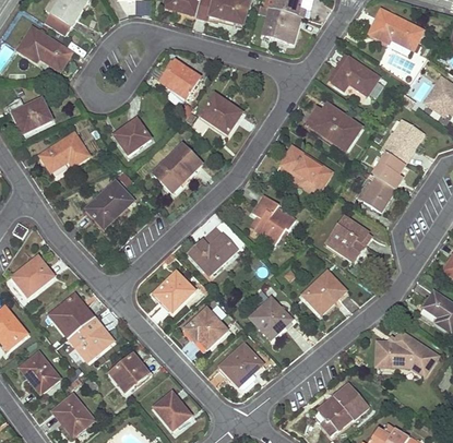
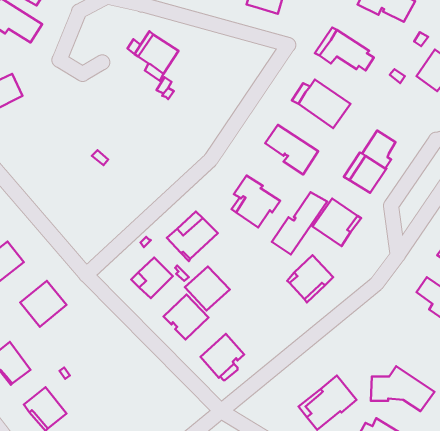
building: [200,94,241,133] -> none
building: [112,118,151,155] -> none
building: [381,118,424,163] -> none
building: [40,132,90,170] -> none
building: [153,144,199,190] -> none
building: [86,180,133,229] -> none
building: none -> [272,192,327,254]
building: [249,297,291,338] -> [185,266,230,310]
building: [68,316,111,360] -> none
building: [375,332,436,374] -> [371,366,434,411]
building: [109,354,147,391] -> none
building: [154,391,190,429] -> none

